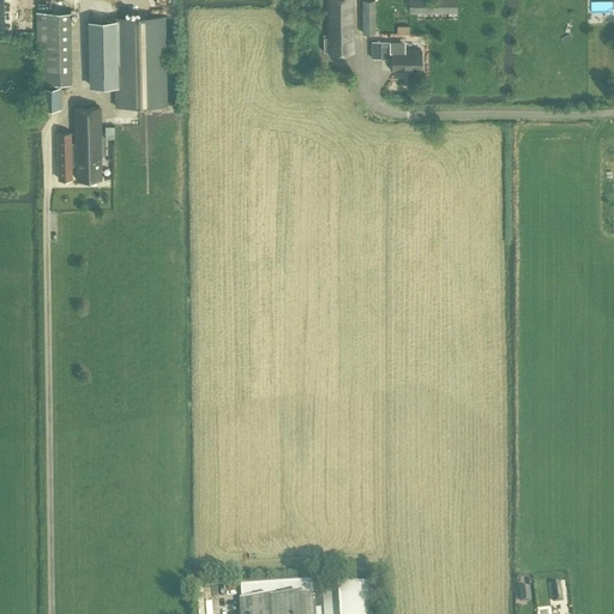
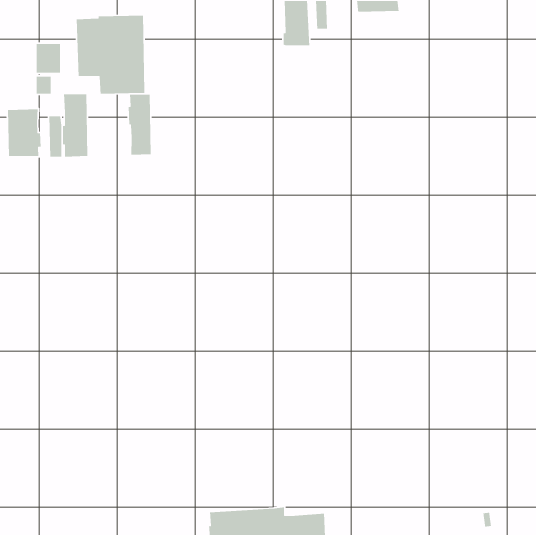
building: [36,16,70,52] -> none
building: [390,52,421,74] -> none
building: none -> [128,94,152,155]
building: none -> [7,109,42,157]

